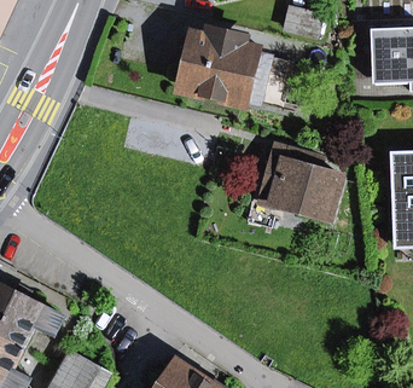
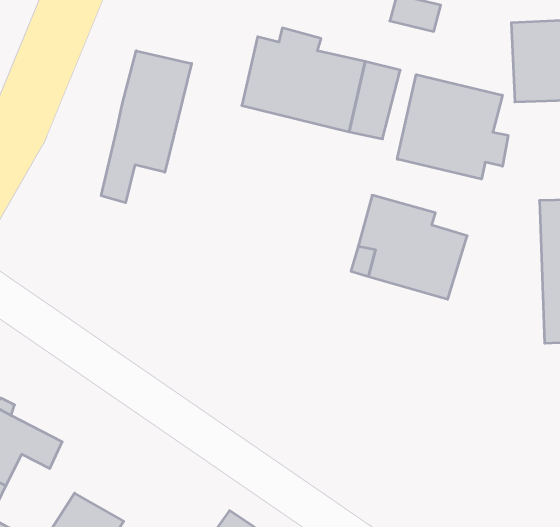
building: none -> [101,51,192,203]
building: none -> [397,75,508,179]

